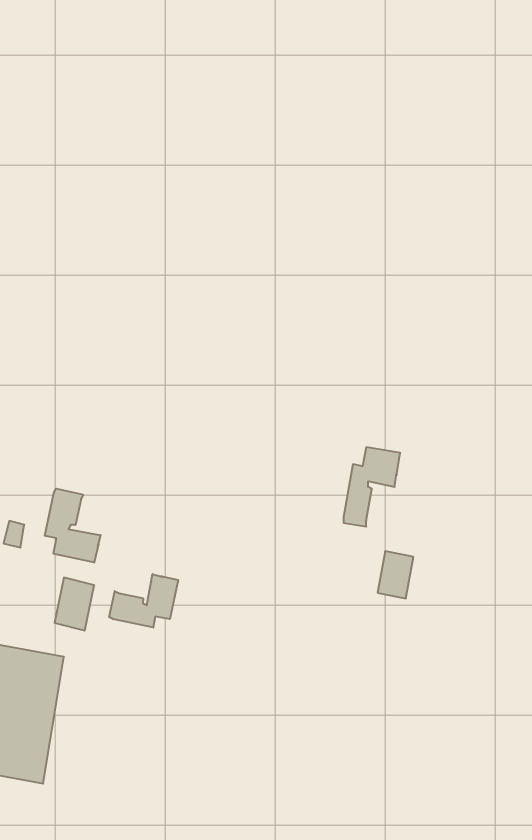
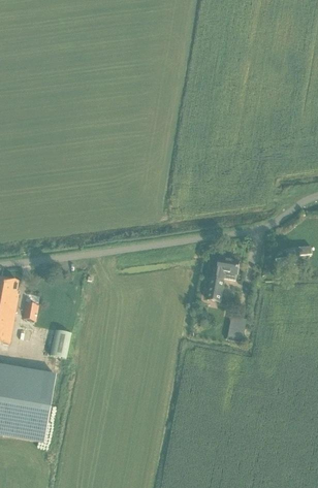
building: [45,489,101,563] -> none
building: [109,574,178,628] -> none

